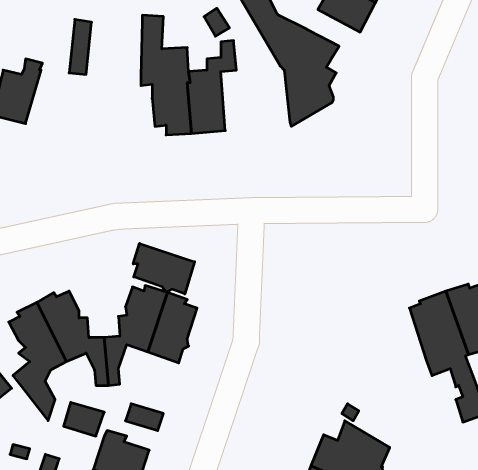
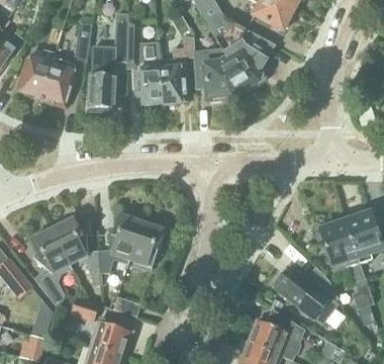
building: none -> [89,12,127,107]
building: none -> [194,48,233,99]
building: none -> [42,58,76,105]
building: [133,243,195,294] -> none
building: none -> [273,263,340,322]

